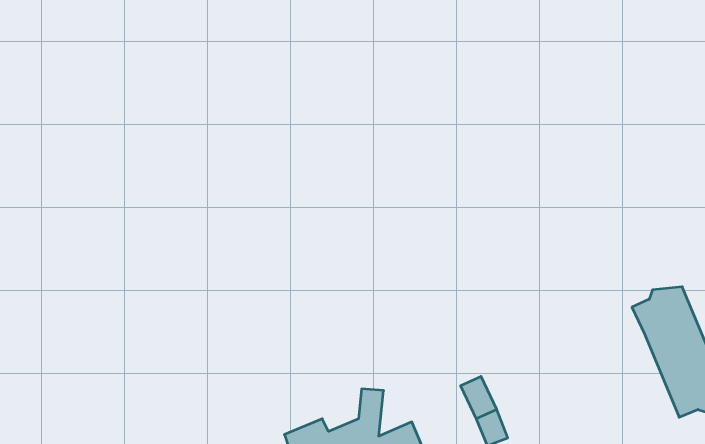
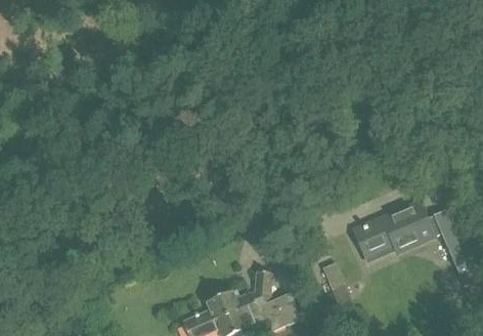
building: none -> [353,201,441,252]

